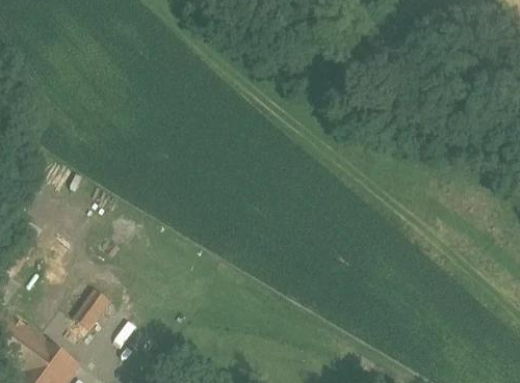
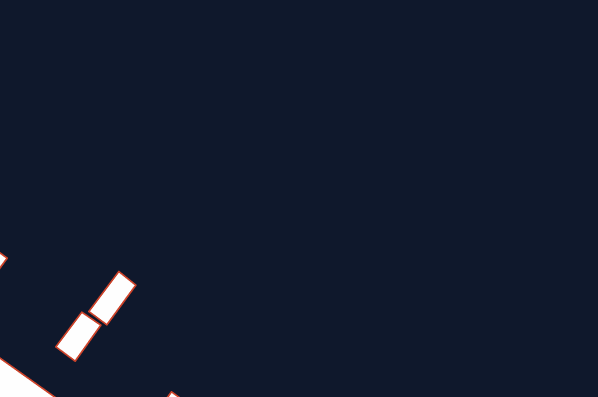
building: none -> [89,271,136,325]

